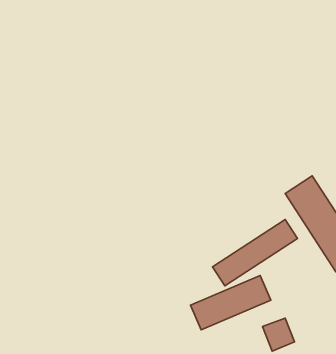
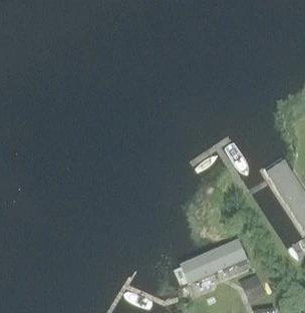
building: [213,219,297,286] -> none

